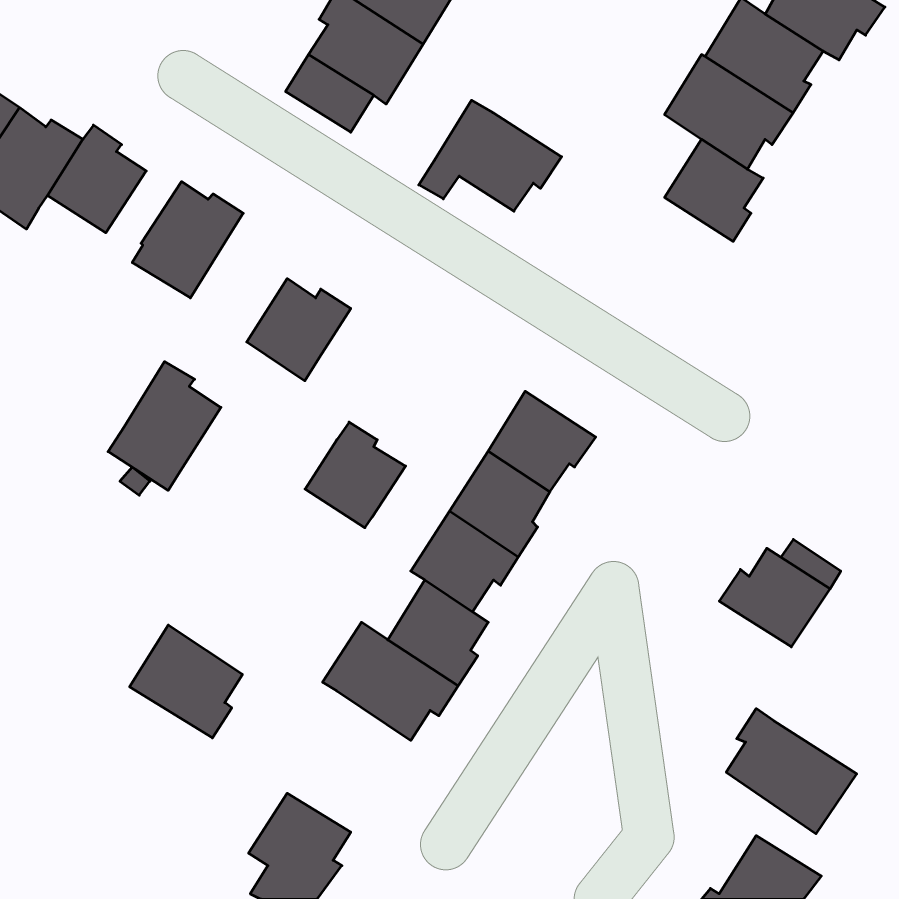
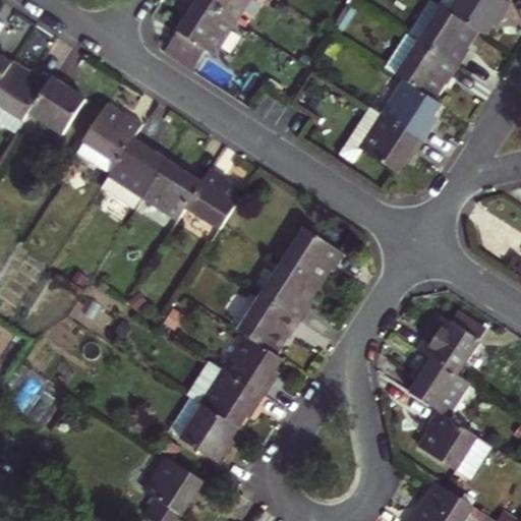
building: [419,100,562,211] -> [341,107,423,171]
building: [108,362,221,490] -> [101,134,166,209]
building: [305,422,406,528] -> [184,168,242,229]
building: none -> [410,354,469,416]
building: [130,625,242,738] -> [172,399,237,464]

